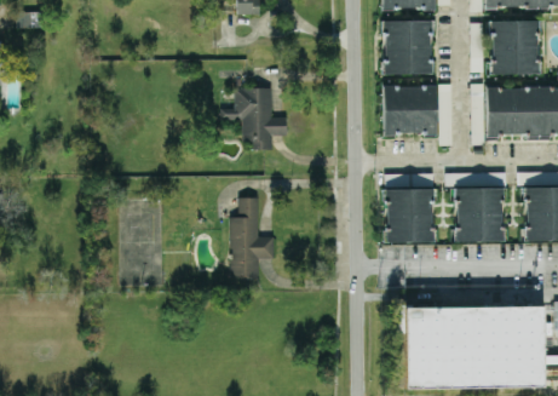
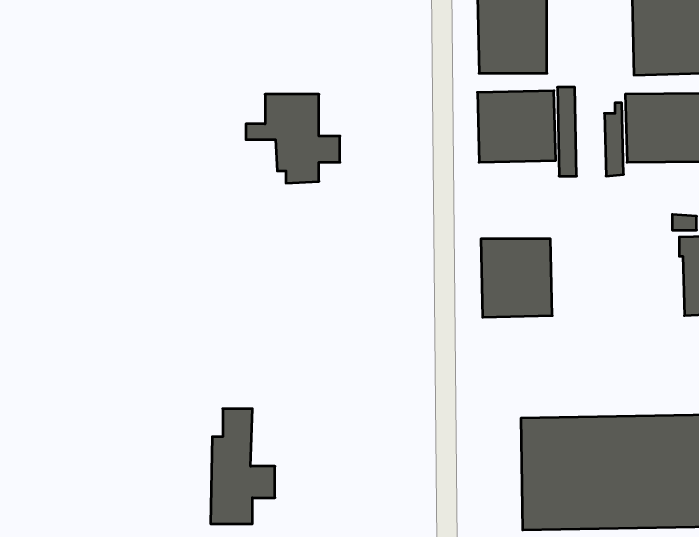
building: [455,186,504,241] -> none
building: [230,196,275,276] -> [211,409,275,524]

